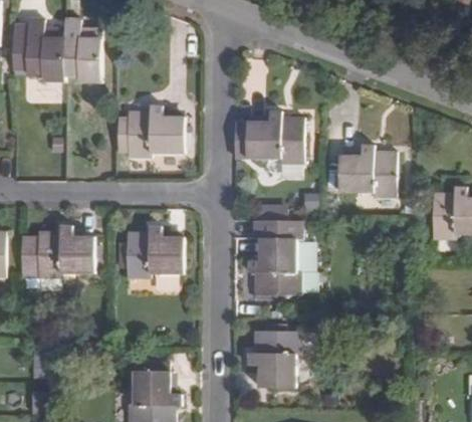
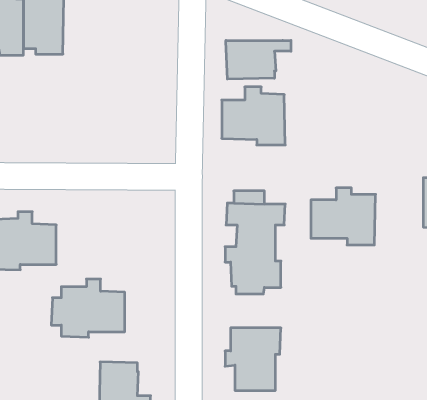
building: none -> [226,40,291,79]
building: [117,104,185,157] -> none
building: [337,145,397,197] -> [311,188,376,245]
building: [116,225,184,278] -> [51,279,125,337]

